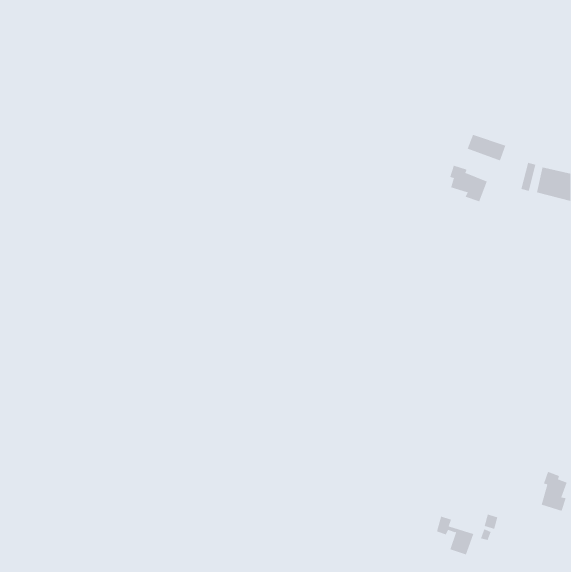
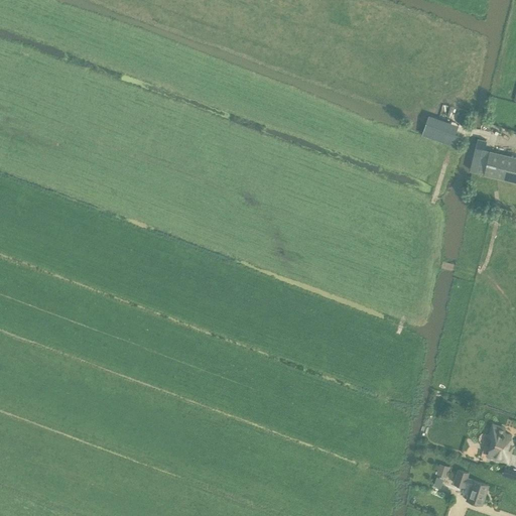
building: [450,165,487,202] -> none
building: [436,516,474,555] -> [454,469,488,504]

